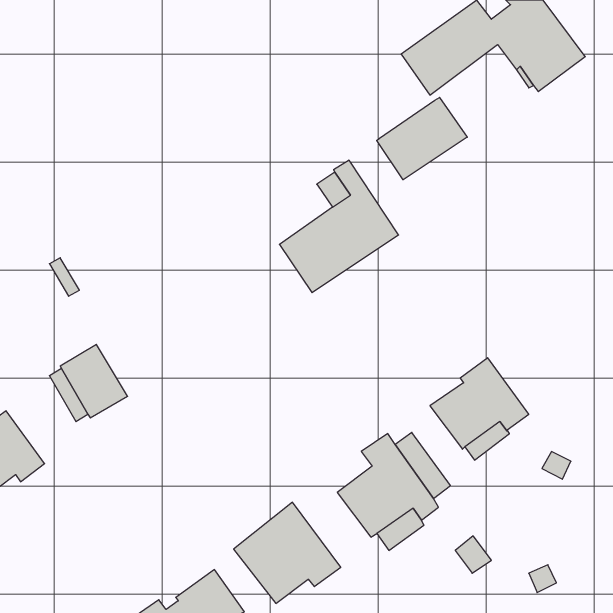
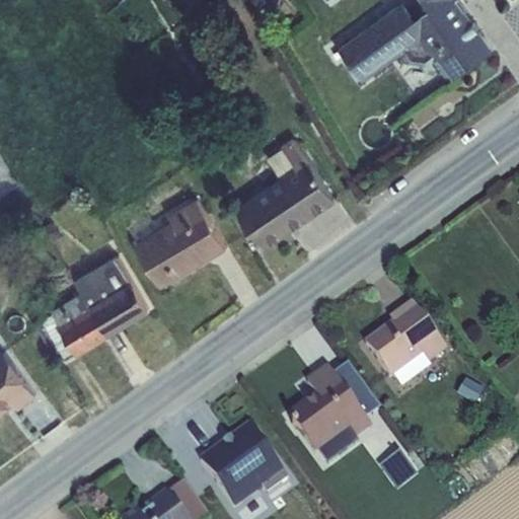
building: [377,97,467,180] -> none
building: none -> [134,199,226,287]
building: none -> [75,255,149,336]

